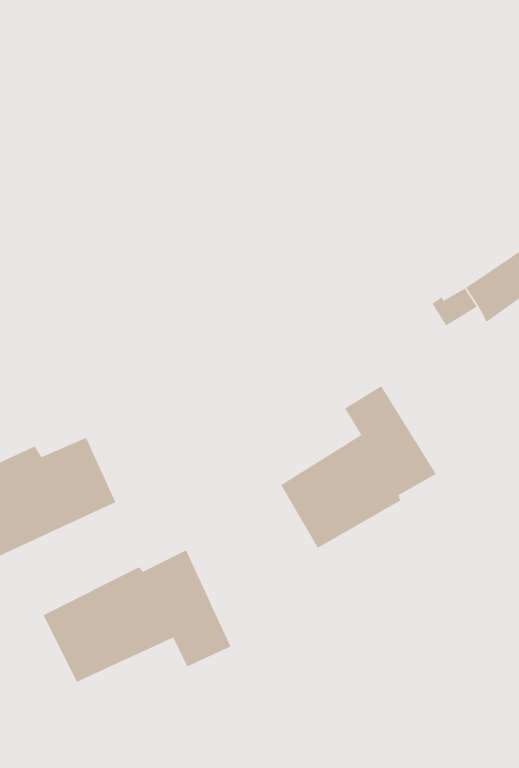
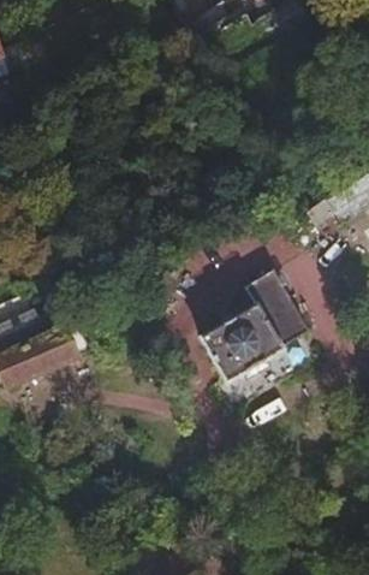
building: [42,549,232,683] -> none

